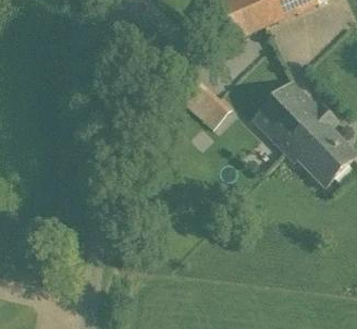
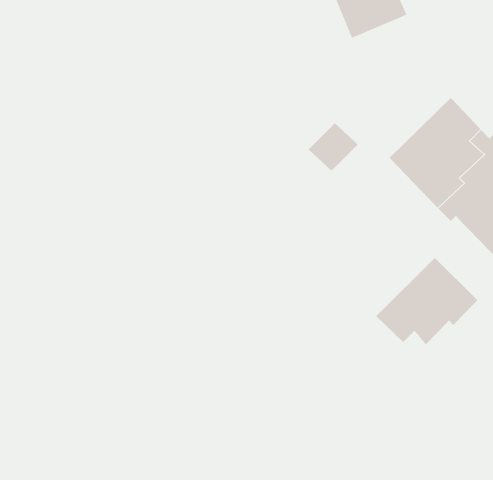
building: none -> [376,257,478,345]

